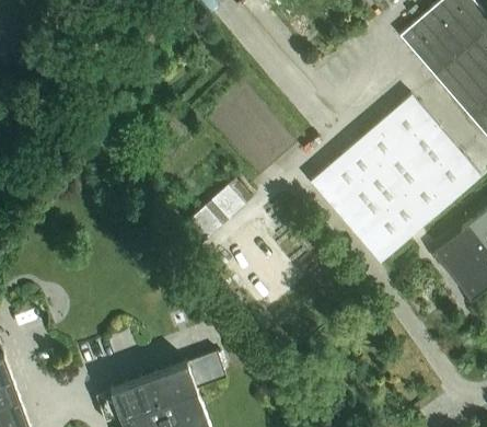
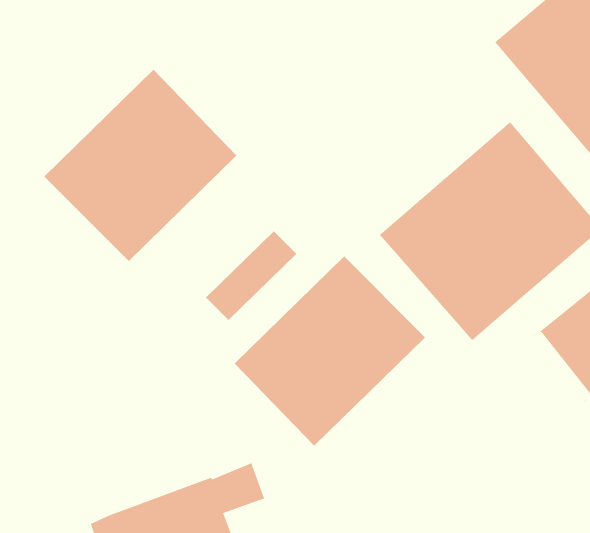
building: none -> [43,69,237,262]
building: none -> [234,255,426,447]

